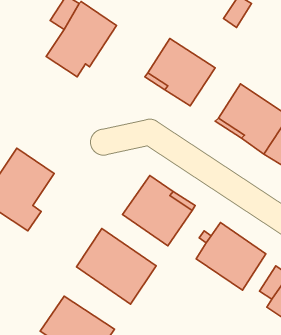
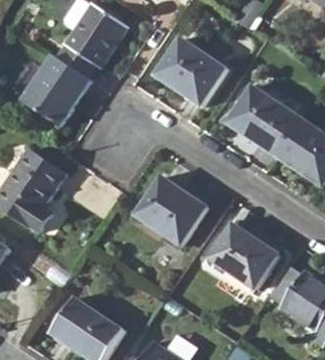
building: none -> [25,55,93,127]
building: [76,228,156,304] -> none

